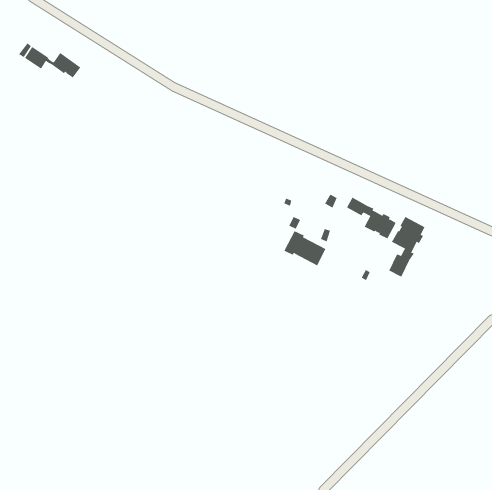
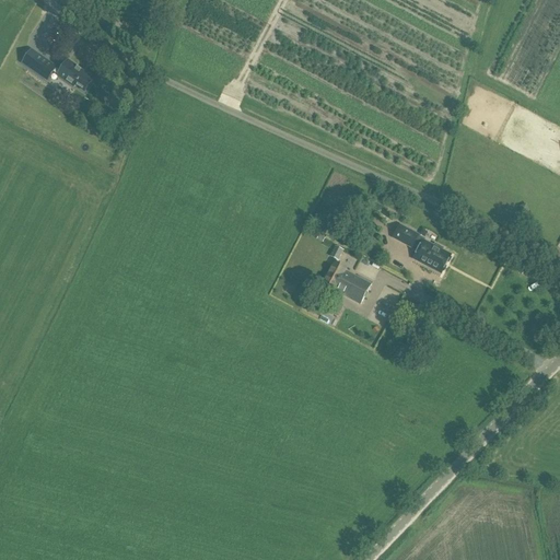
building: [388,216,425,277] -> none

